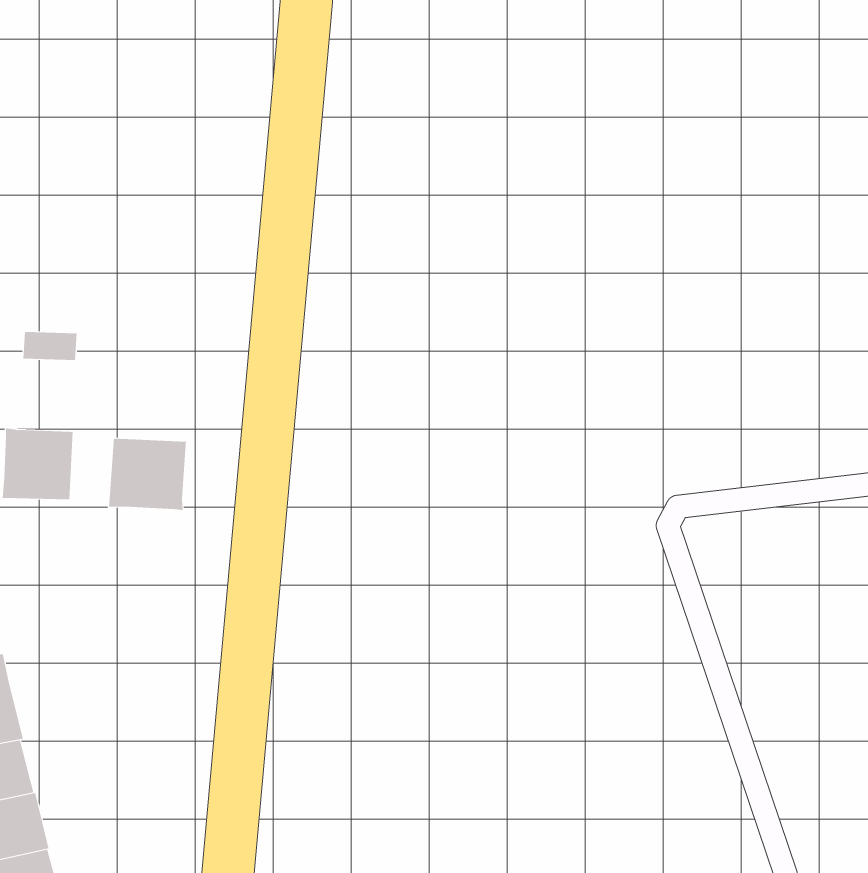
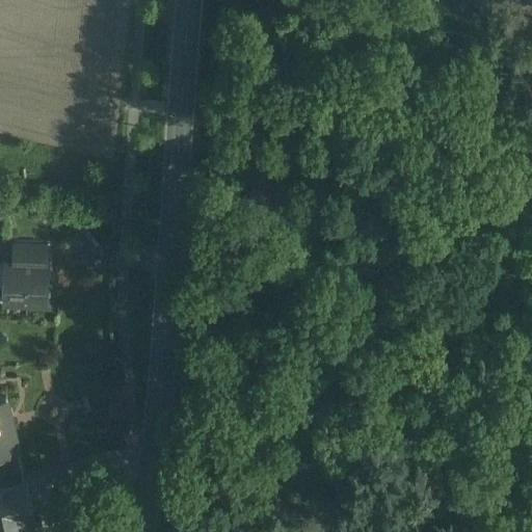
building: [23,332,77,361] -> [10,245,44,263]
building: [109,438,186,511] -> none

